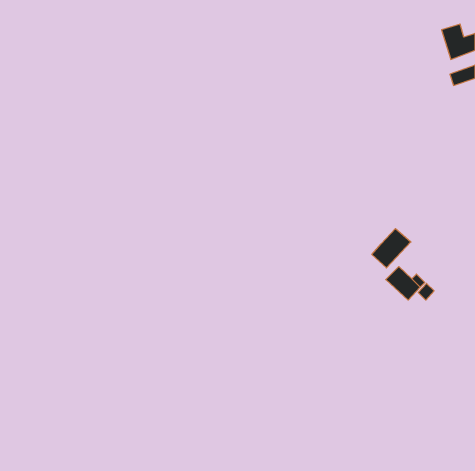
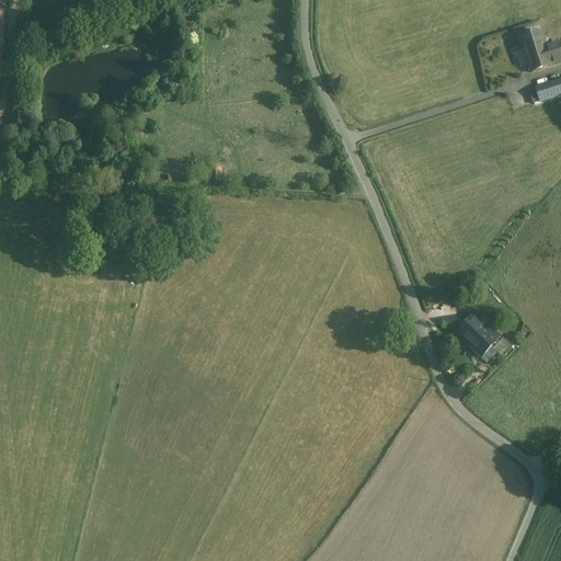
building: [372,229,411,268] -> none

